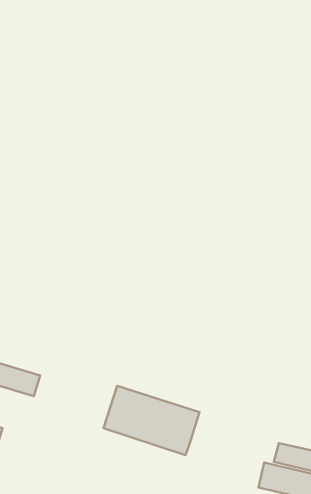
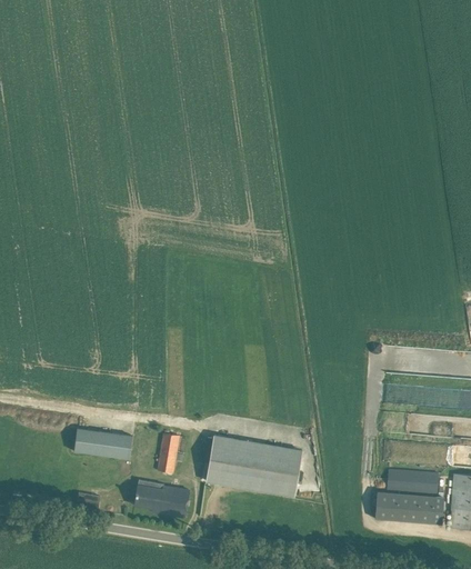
building: none -> [157,433,179,473]
building: none -> [134,480,190,518]

